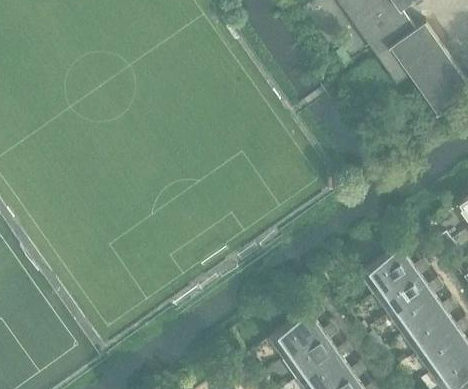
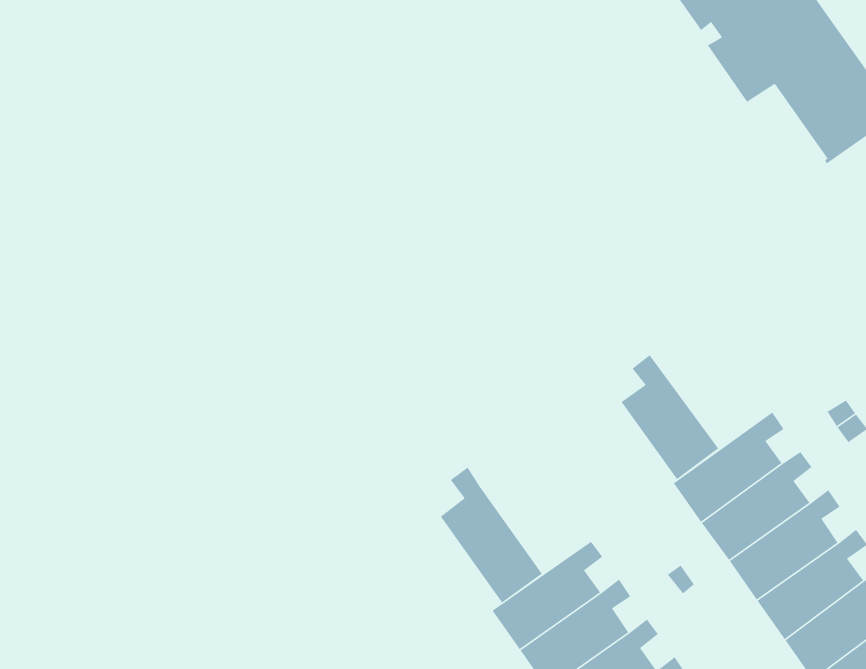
building: none -> [621,354,719,480]
building: none -> [440,466,543,603]

